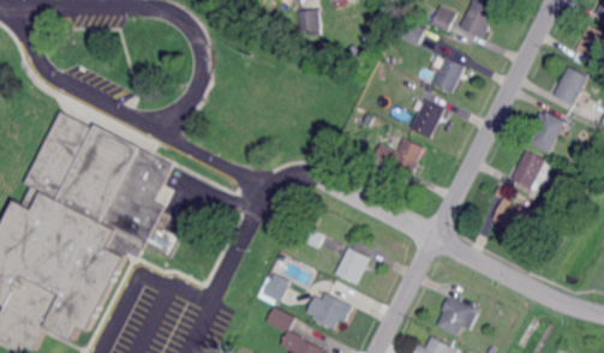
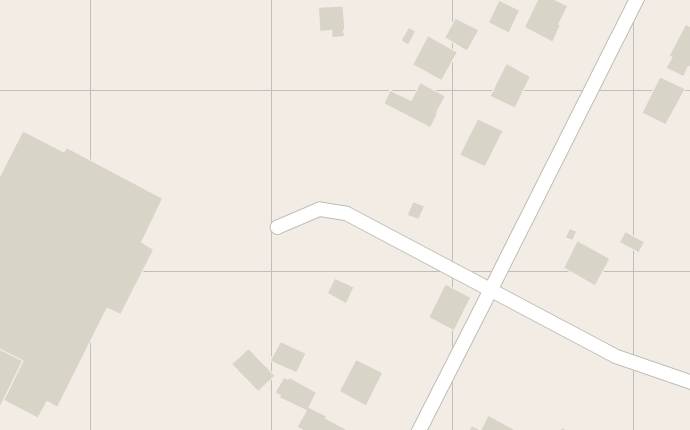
building: none -> [413,35,458,81]
building: [530,110,566,152] -> none
building: [373,138,423,174] -> [384,83,446,128]
building: [512,149,554,191] -> none
building: [336,246,370,283] -> [429,284,471,331]
building: none -> [232,349,275,391]
building: [437,297,478,335] -> none

